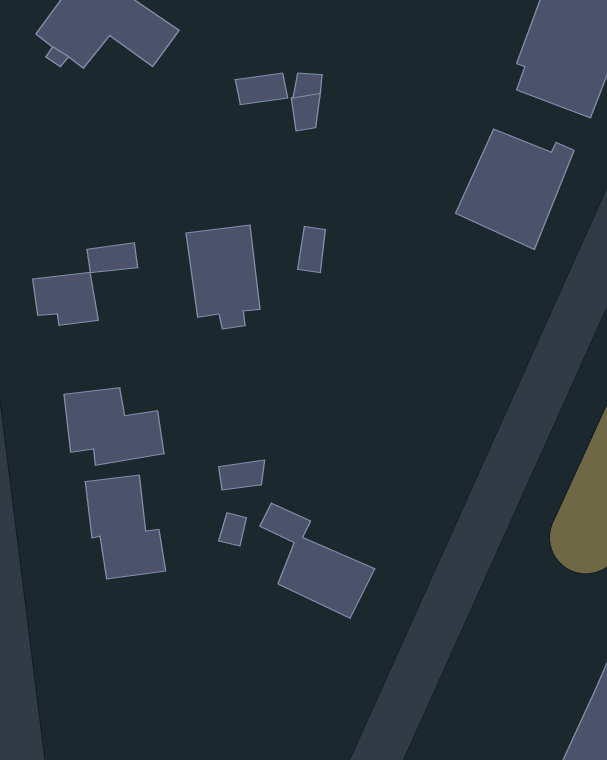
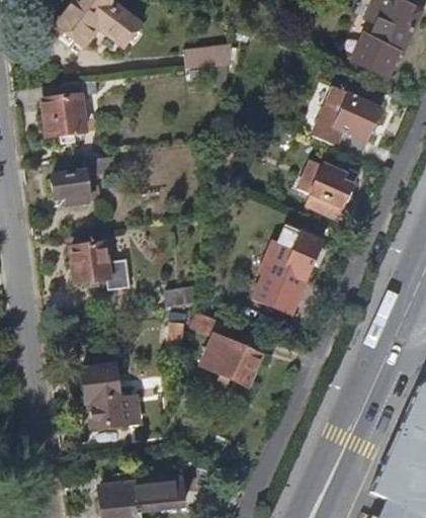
building: [186,225,260,329] -> [41,83,87,147]
building: none -> [293,167,351,219]
building: none -> [253,225,324,316]
building: [85,475,166,579] -> [82,366,132,430]

